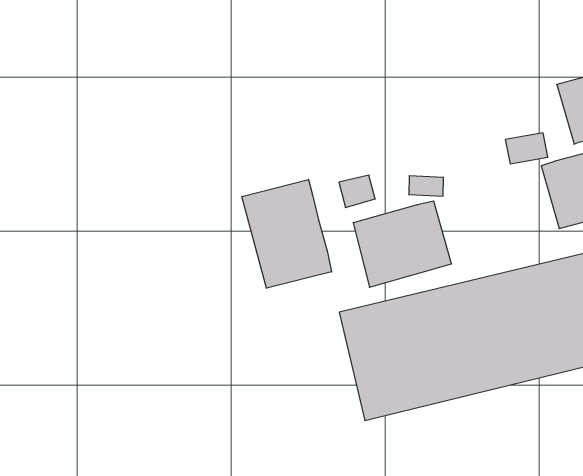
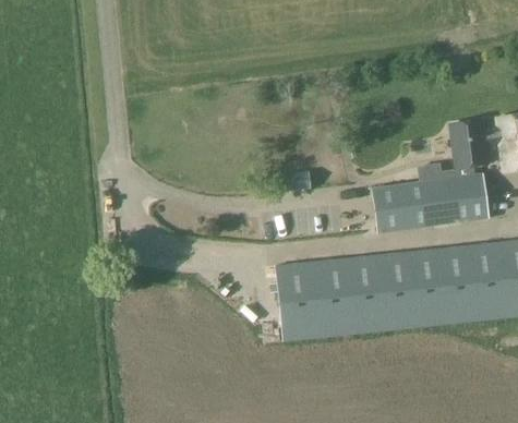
building: [242,179,332,288] -> none
building: [353,201,452,287] -> [373,179,438,233]

